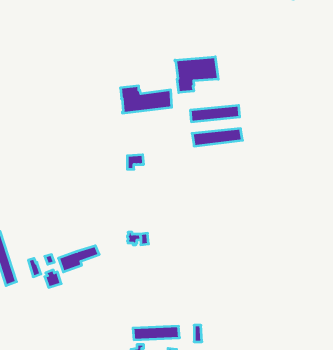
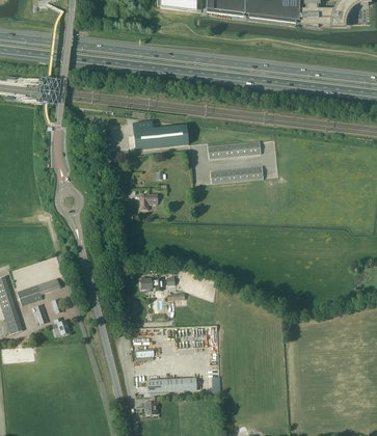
building: [175,57,218,93] -> none
building: [58,246,99,272] -> [17,278,60,306]

